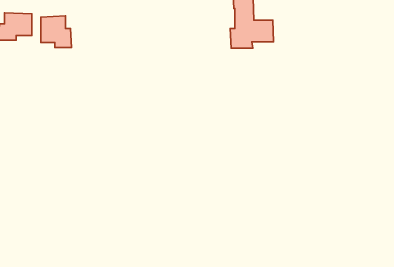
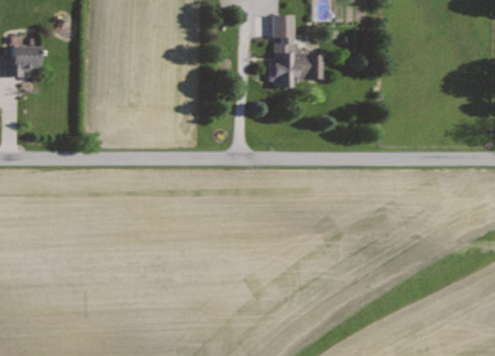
building: [41,16,71,48] -> none

